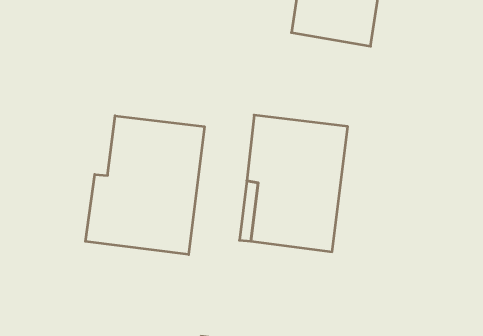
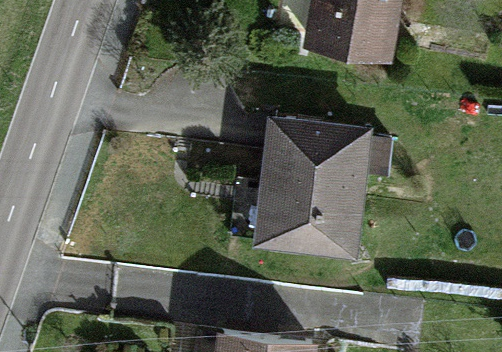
building: [85,116,204,255] -> none

